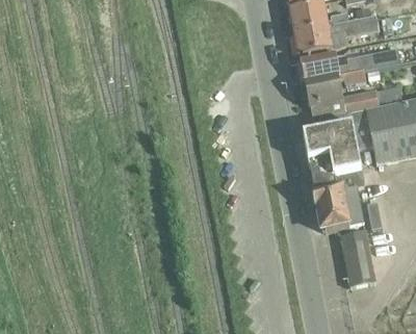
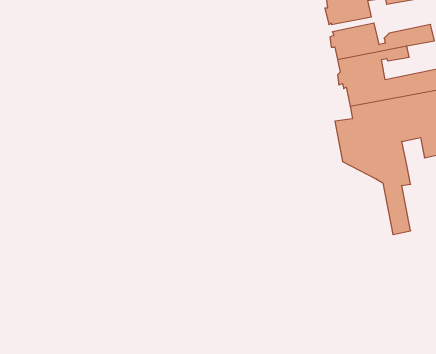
building: [308,165,349,231] -> none
building: [341,229,375,285] -> none

